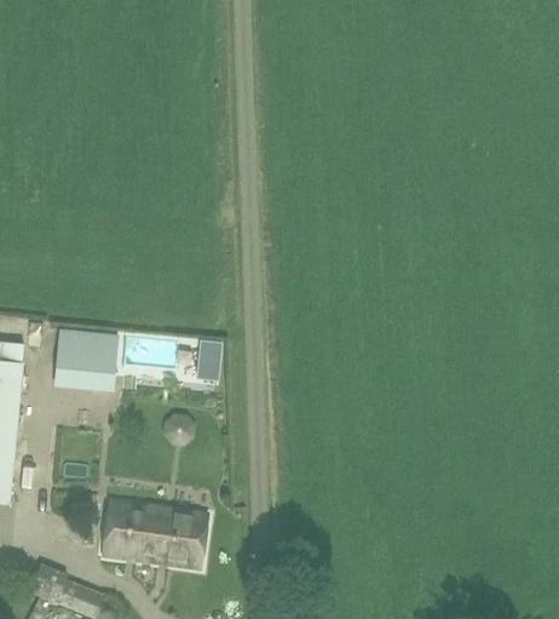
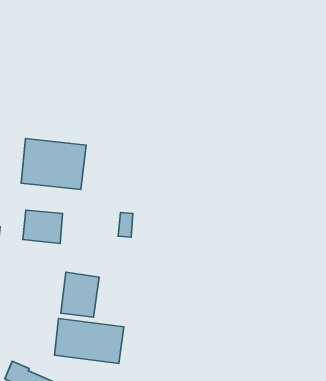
building: none -> [21,138,86,190]
building: none -> [61,272,99,317]

